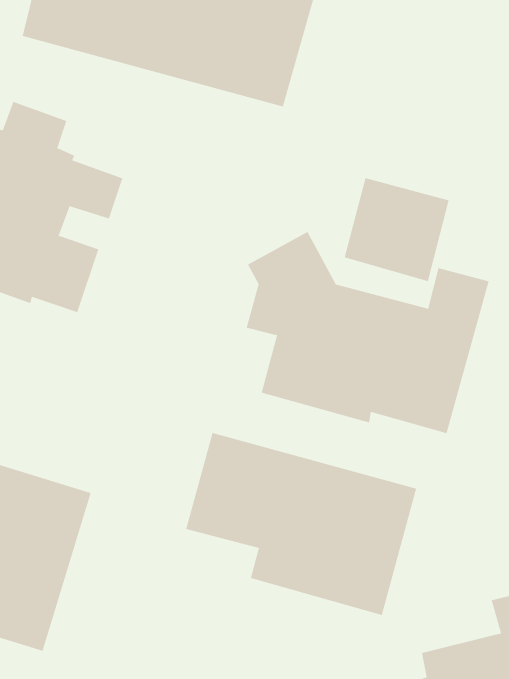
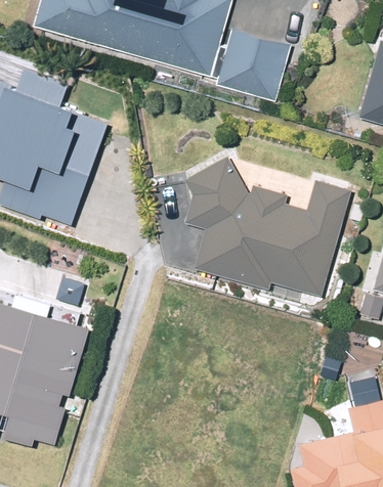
building: [344,178,450,282] -> [217,30,289,100]
building: [186,432,417,616] -> none

